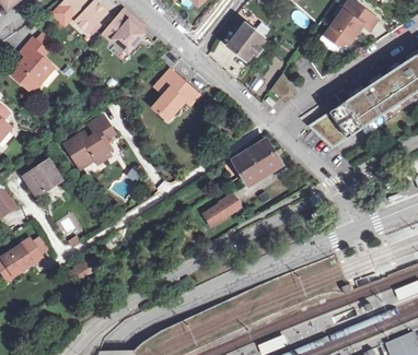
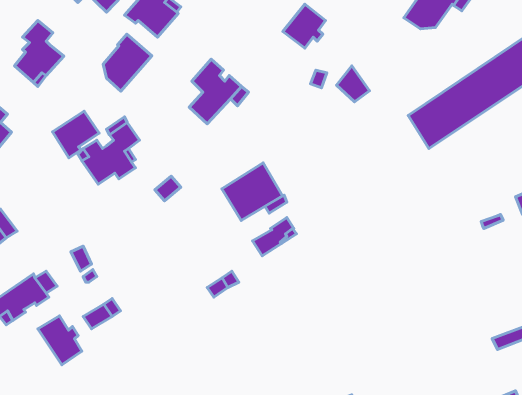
building: none -> [103,34,152,91]
building: [309,114,344,147] -> none
building: [232,139,280,185] -> [222,163,283,221]
building: [23,159,60,197] -> [52,111,99,158]
building: none -> [38,316,82,365]

